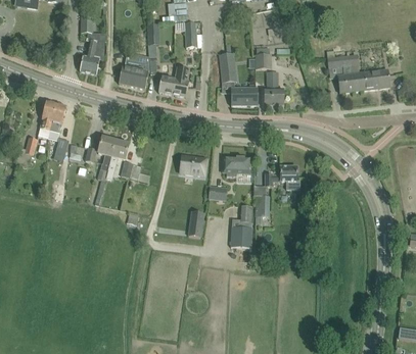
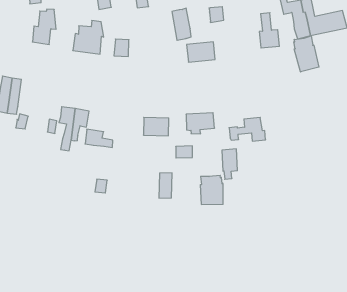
building: [173,65,190,97] -> none
building: [265,71,283,105] -> [259,13,279,48]
building: none -> [294,36,319,72]

